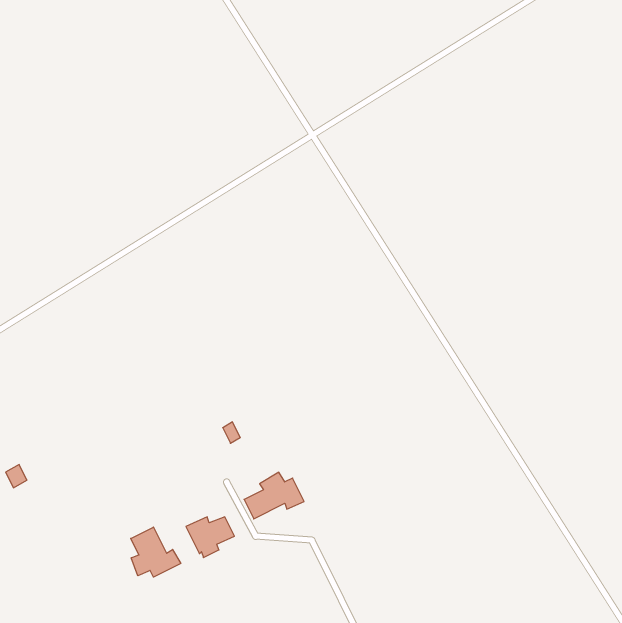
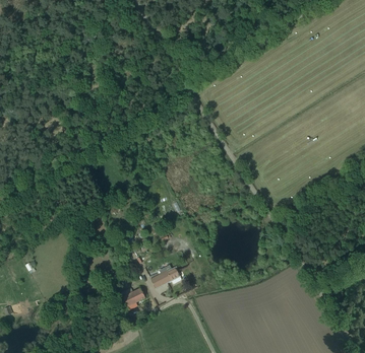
building: [131,527,181,577] -> none

